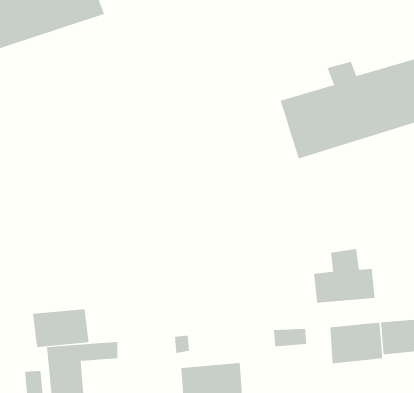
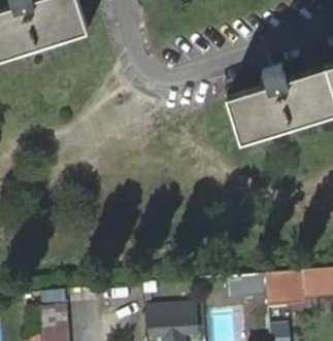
building: [314,248,375,304] -> none
building: [33,308,89,348] -> none

